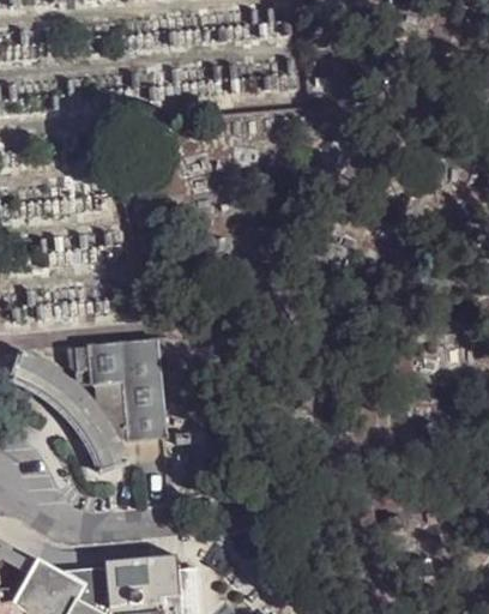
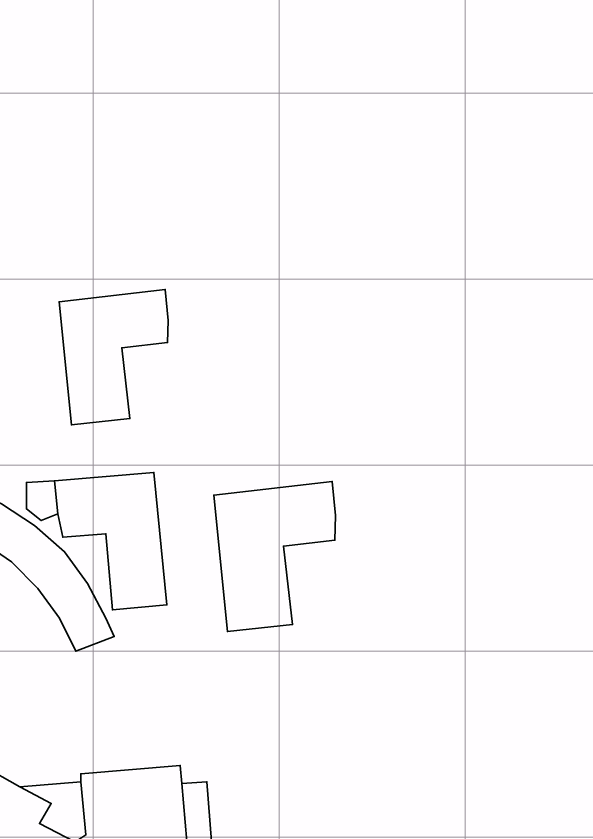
building: none -> [59,290,168,425]
building: none -> [214,481,336,631]

